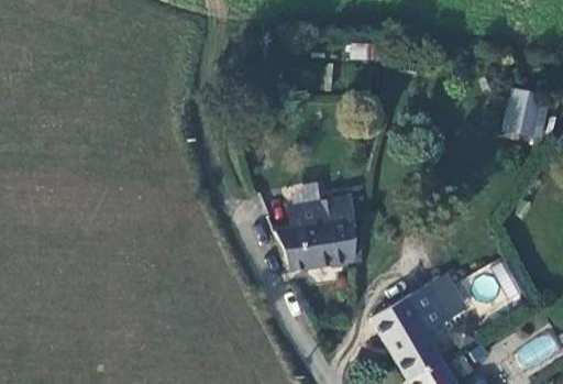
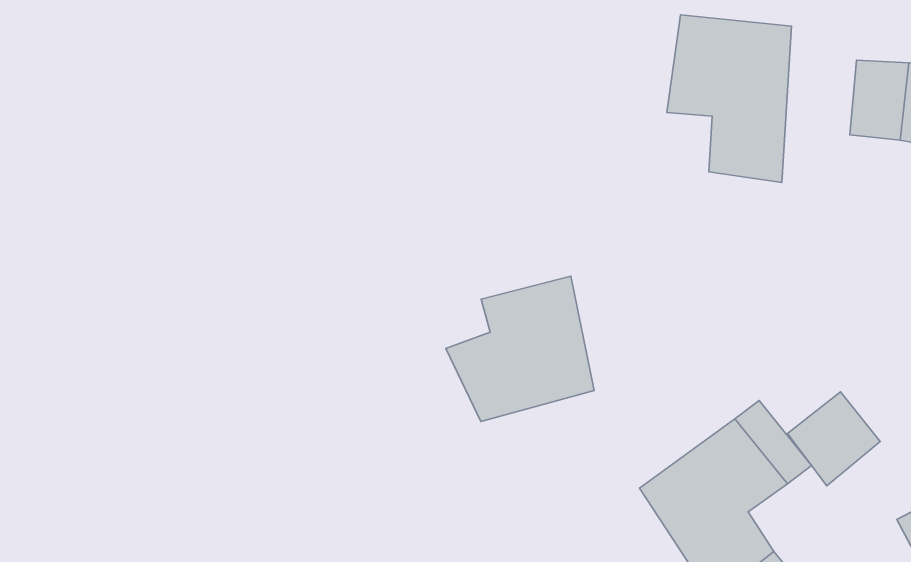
building: none -> [667,15,792,182]
building: none -> [787,392,880,486]

